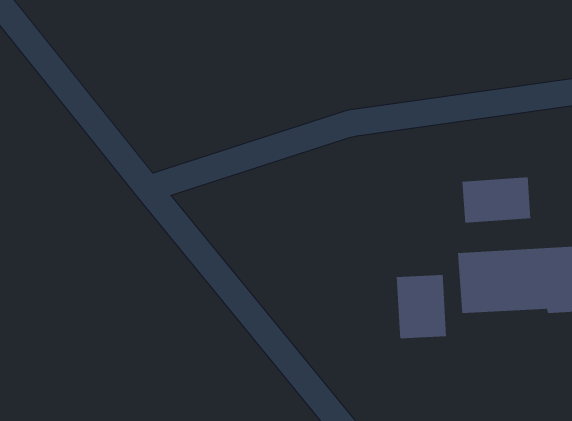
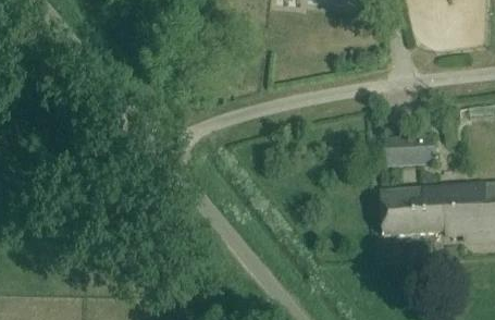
building: [396,274,447,339] -> none

